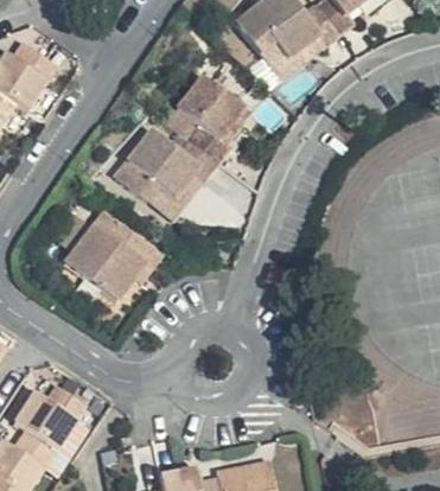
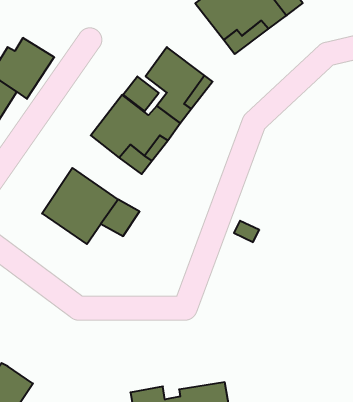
building: [15,383,85,464] -> none

